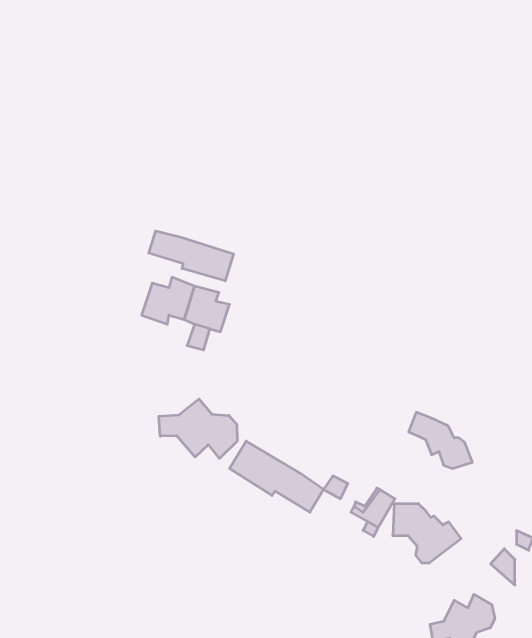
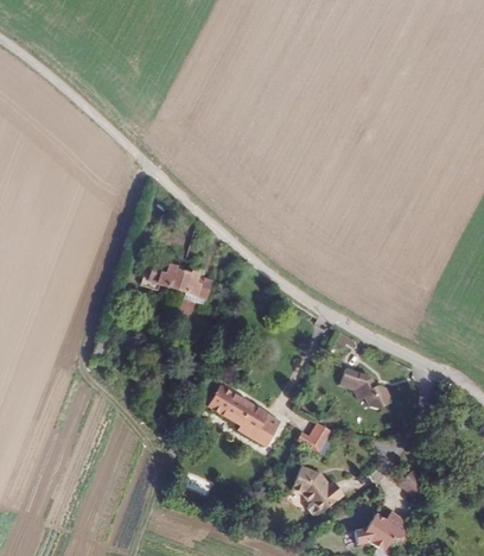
building: [149,231,234,281] -> none
building: [159,399,237,458] -> none
building: [393,504,461,563] -> [289,469,343,516]

